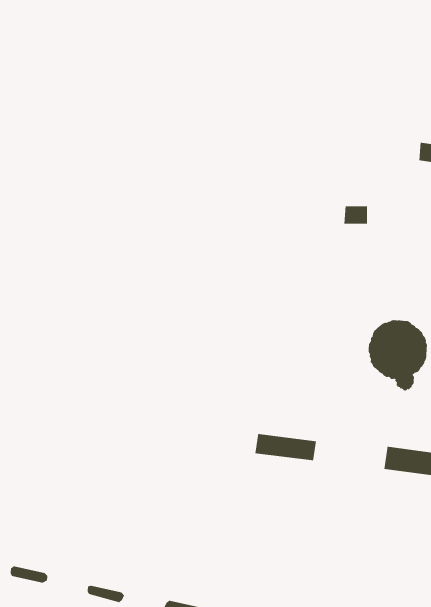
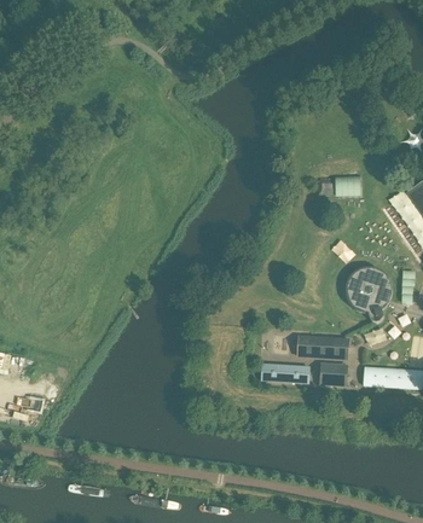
building: none -> [296,336,347,358]
building: none -> [315,364,346,384]

